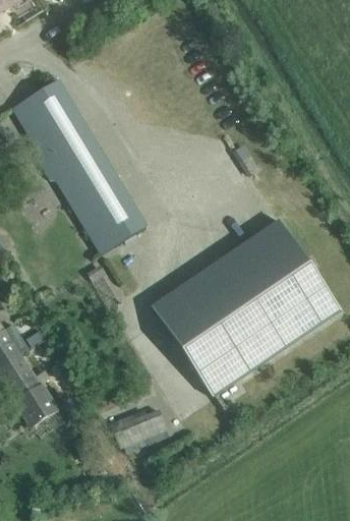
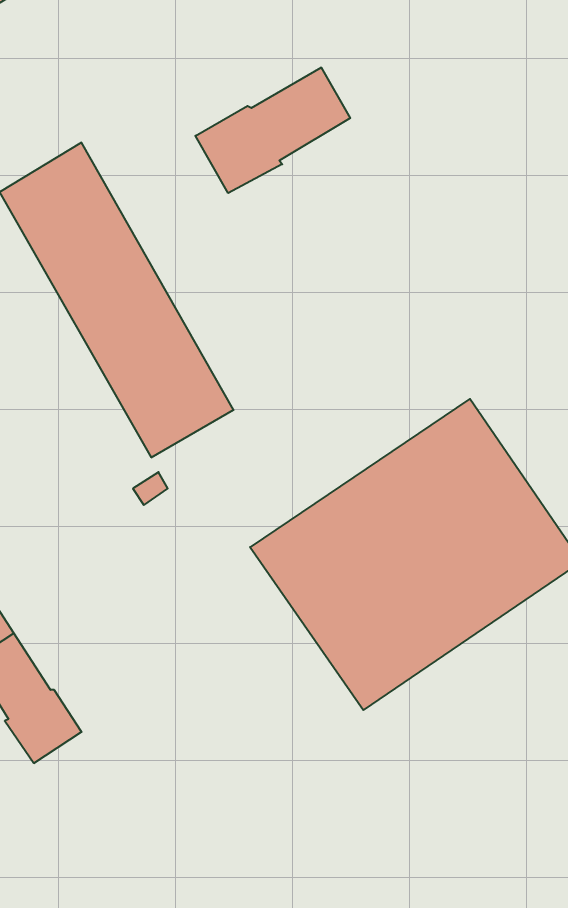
building: none -> [195,67,350,193]
building: [112,408,168,450] -> none

